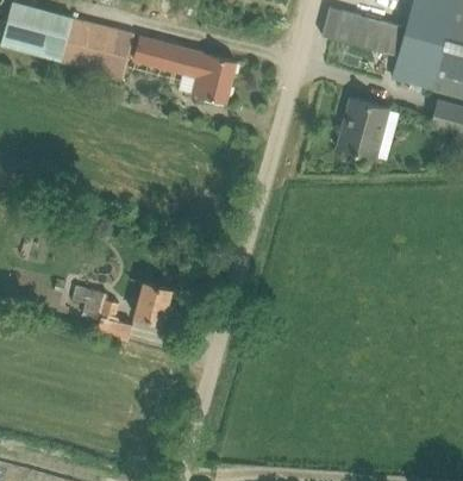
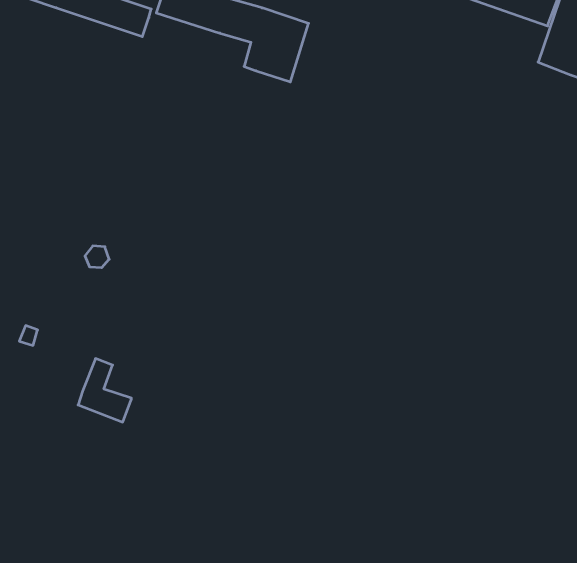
building: [336,96,388,157] -> none
building: [133,281,171,321] -> none
building: [73,283,107,320] -> none

